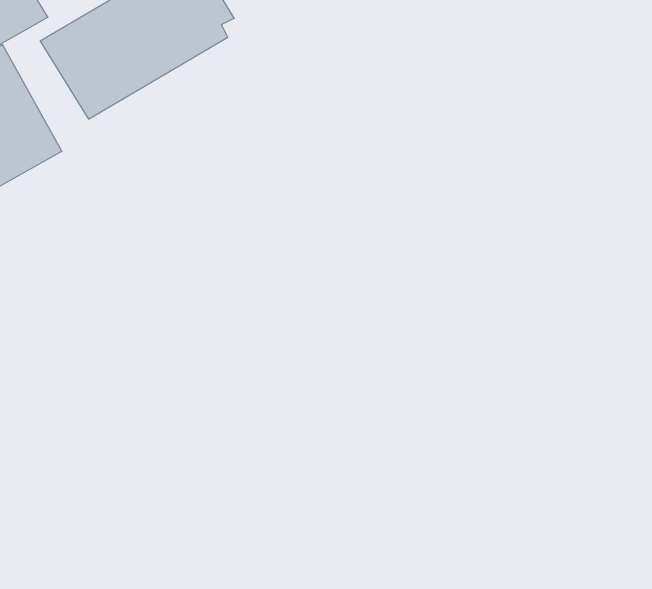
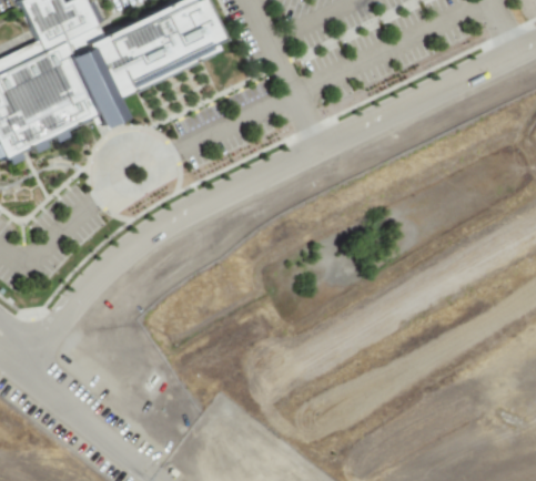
building: none -> [77,45,130,125]

